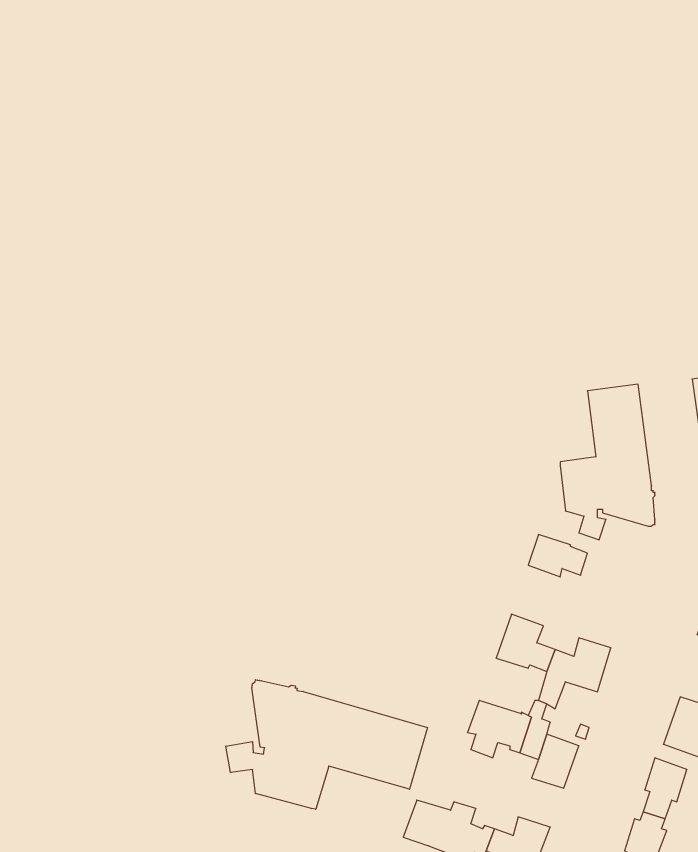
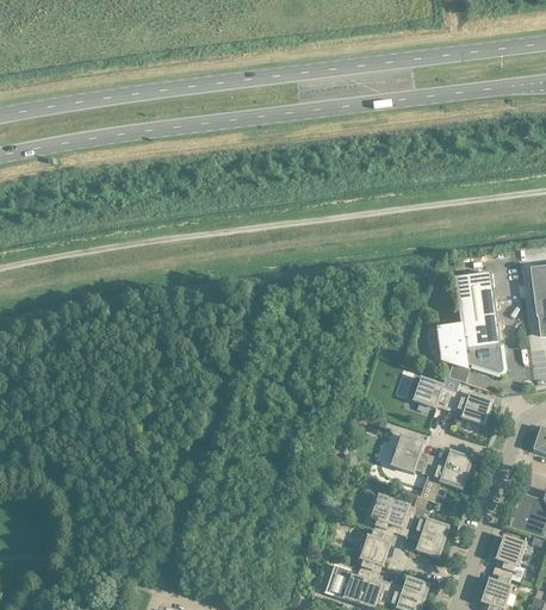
building: none -> [451,385,492,424]
building: [226,680,427,809] -> none
building: none -> [360,529,390,571]

